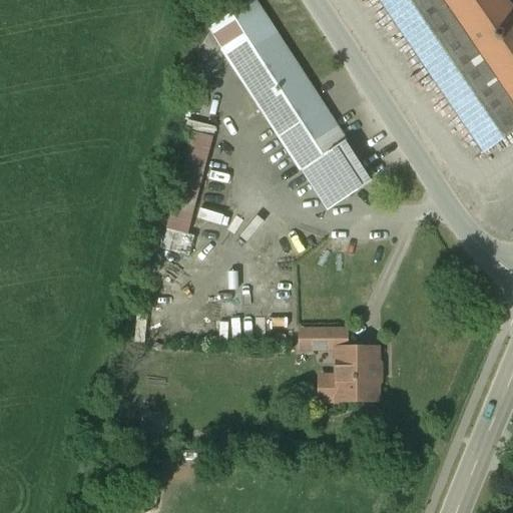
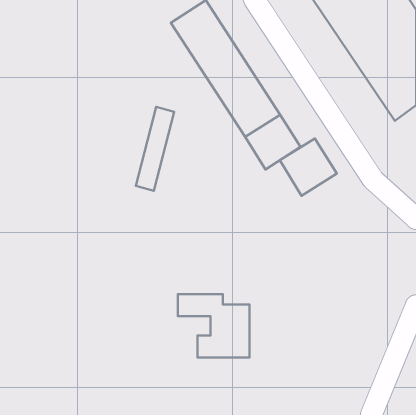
building: none -> [280,138,337,196]
building: [300,327,388,405] -> [178,294,250,358]

